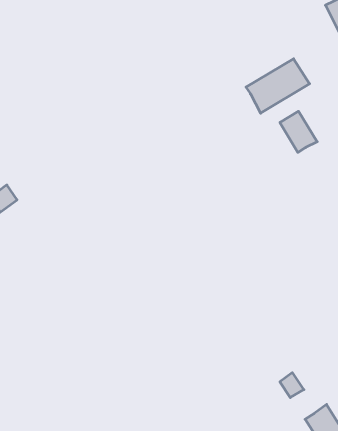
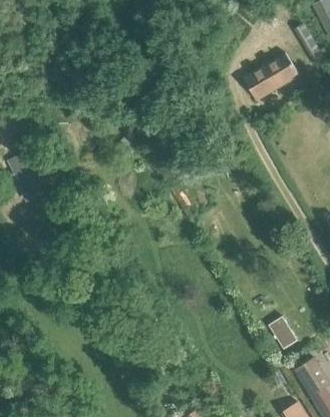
building: [280,111,317,152] -> none

